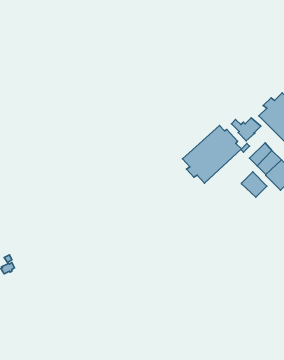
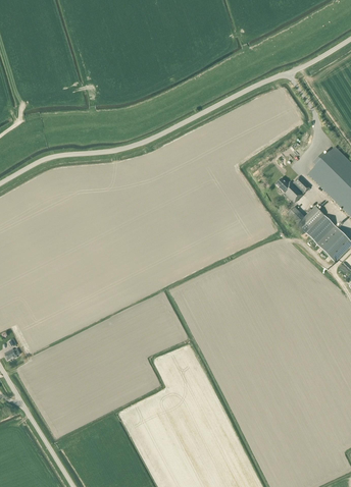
building: [183,126,241,183] -> none
building: [242,172,267,197] -> none

